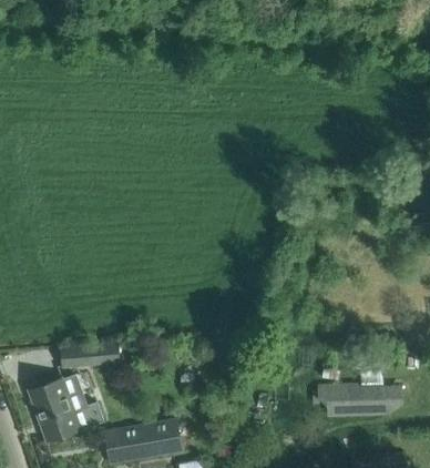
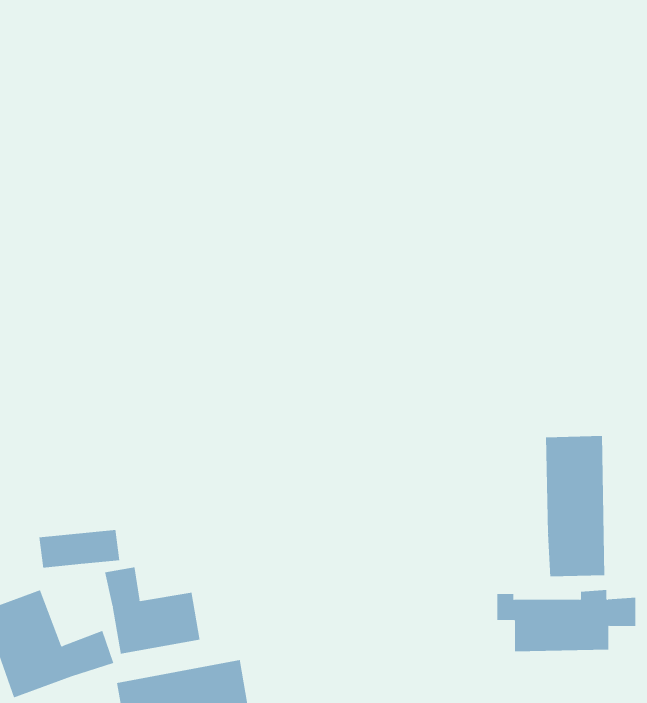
building: none -> [546,435,605,577]
building: none -> [105,566,200,655]

